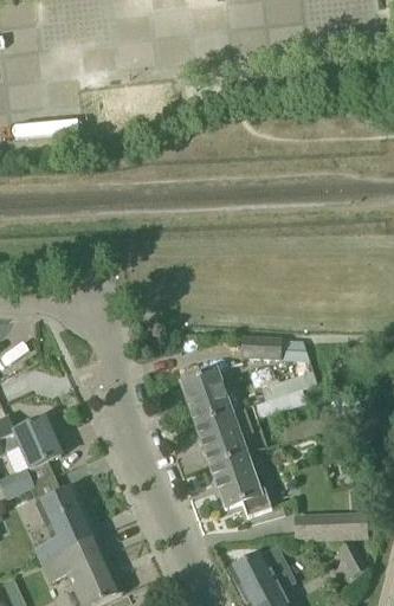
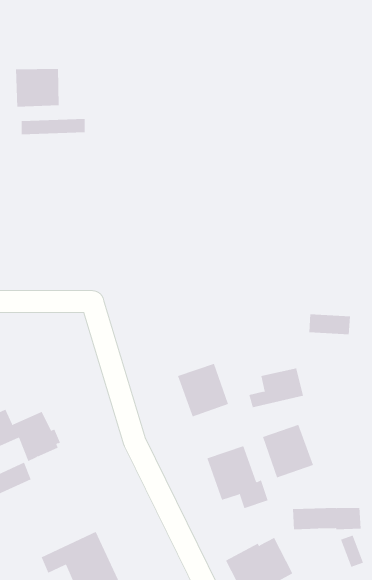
building: none -> [15,68,59,107]
building: [241,336,284,357] -> [308,314,351,335]
building: [195,410,247,464] -> [262,424,314,478]
building: [34,484,98,563] -> none

